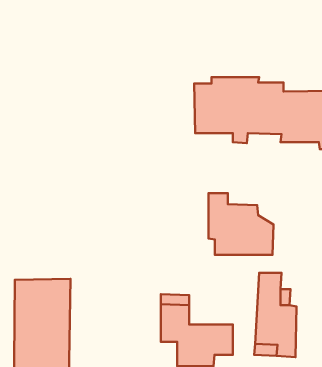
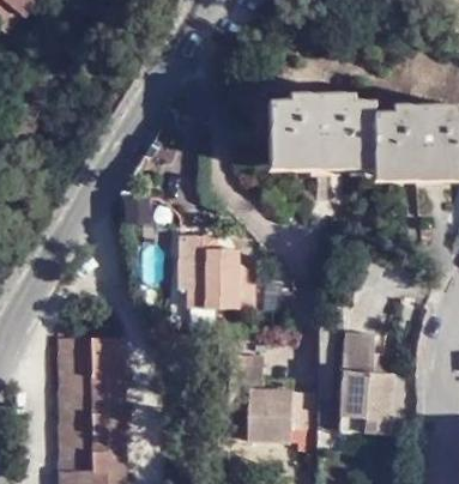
building: [209,193,273,255] -> [179,235,255,308]

